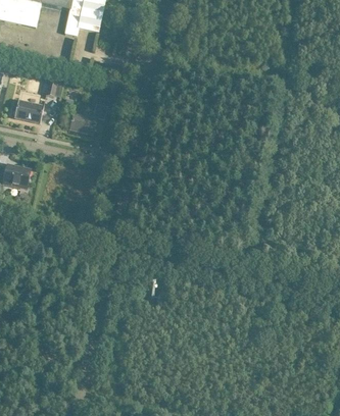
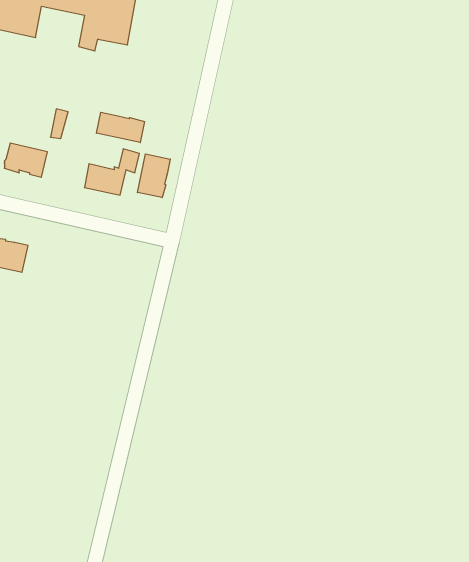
building: none -> [96,112,145,143]
building: none -> [137,154,170,198]

